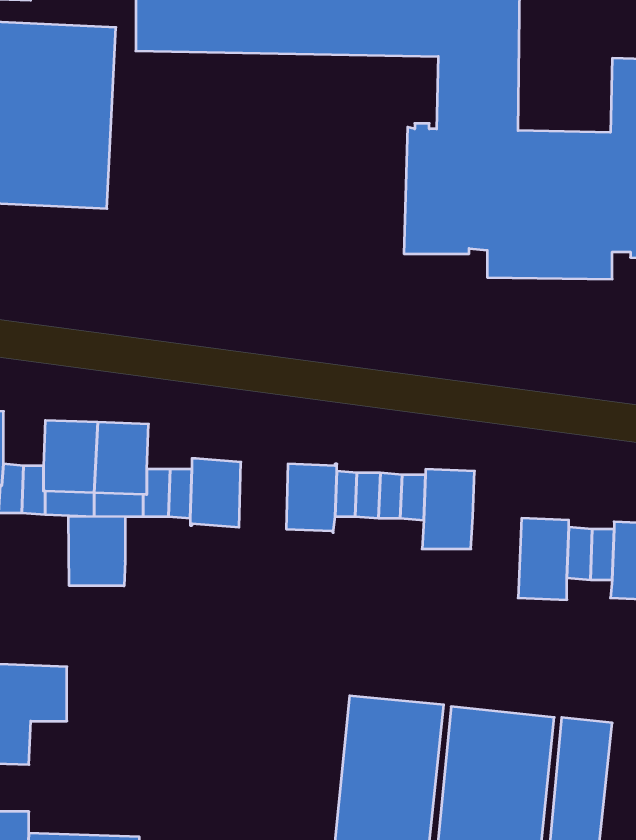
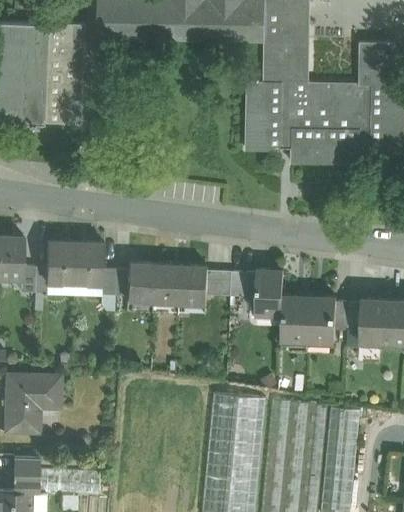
building: none -> [153,264,180,301]
building: [68,516,125,586] -> none
building: none -> [280,294,309,339]

